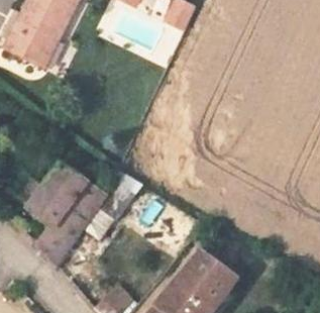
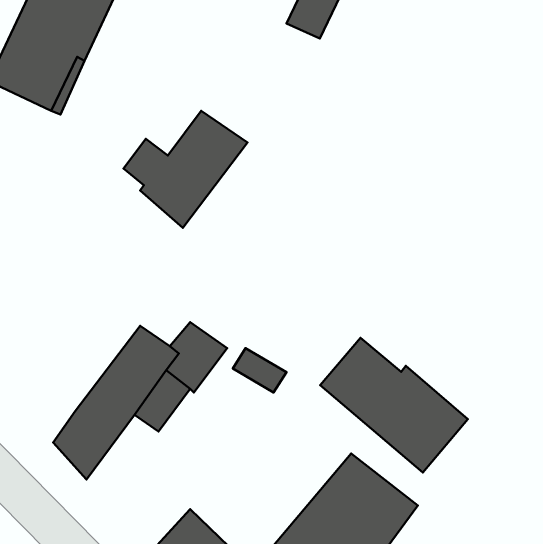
building: [18,165,86,228] -> [123,111,248,228]
building: none -> [320,338,468,472]

